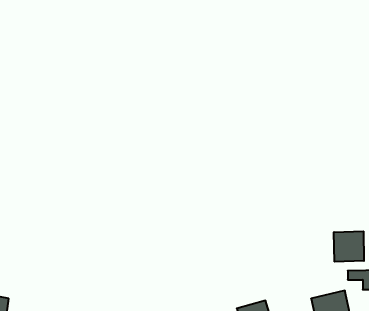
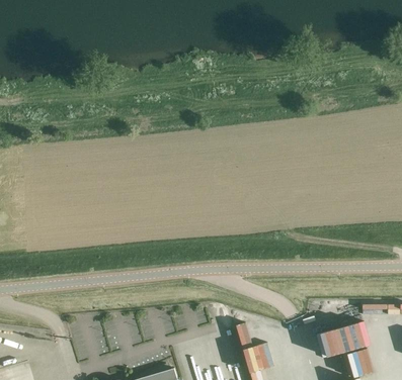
building: [334,231,364,262] -> none

